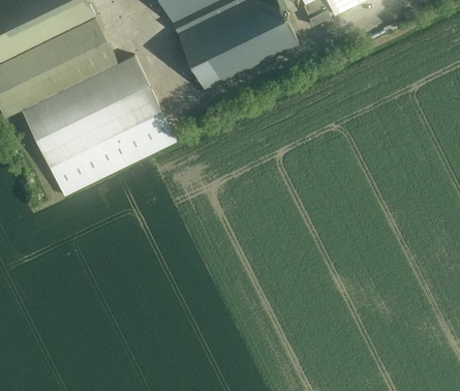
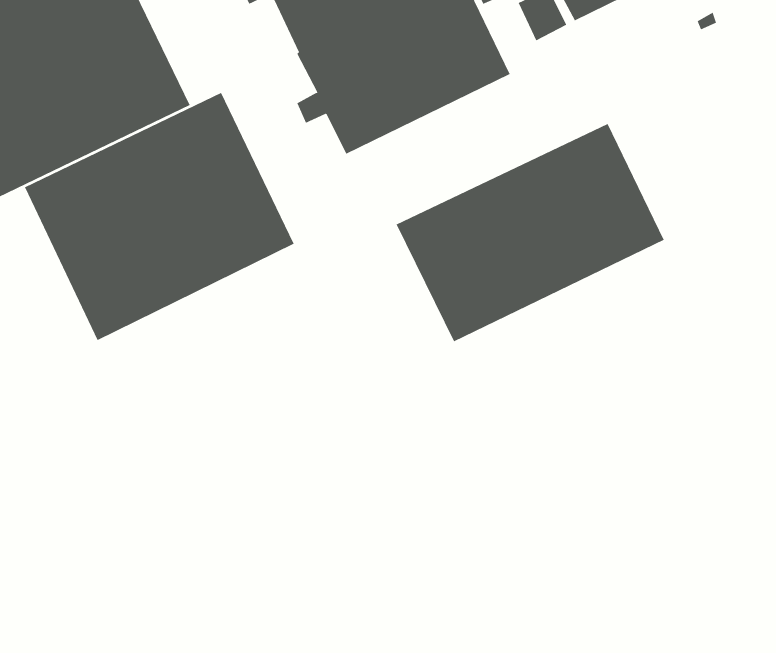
building: none -> [396,123,665,342]

